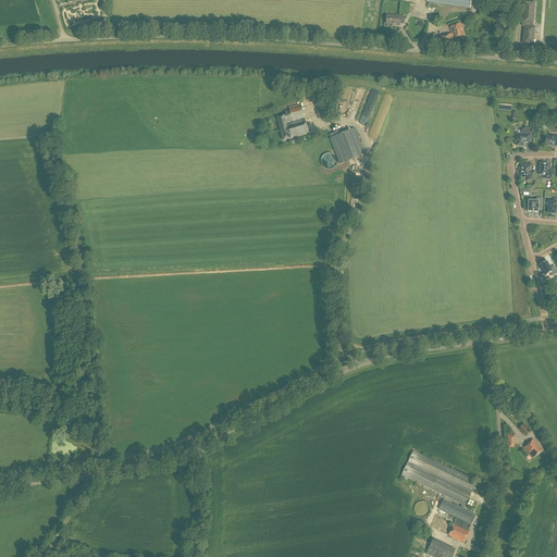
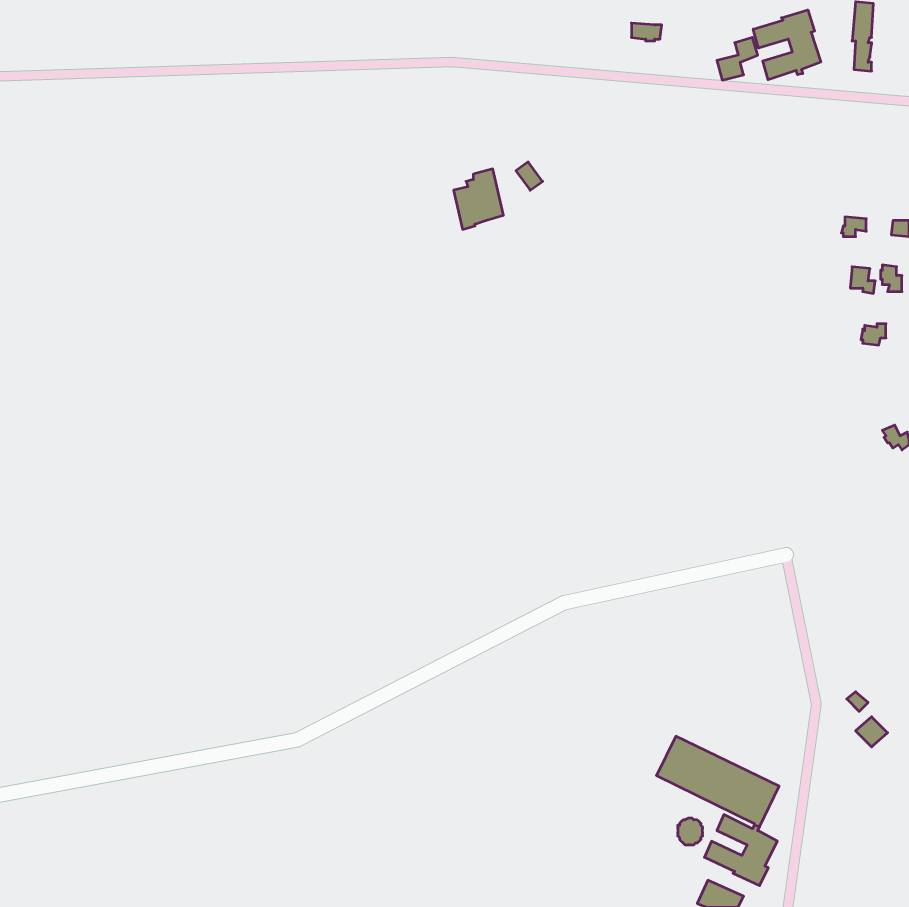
building: none -> [753,10,821,80]
building: [330,127,364,163] -> none

